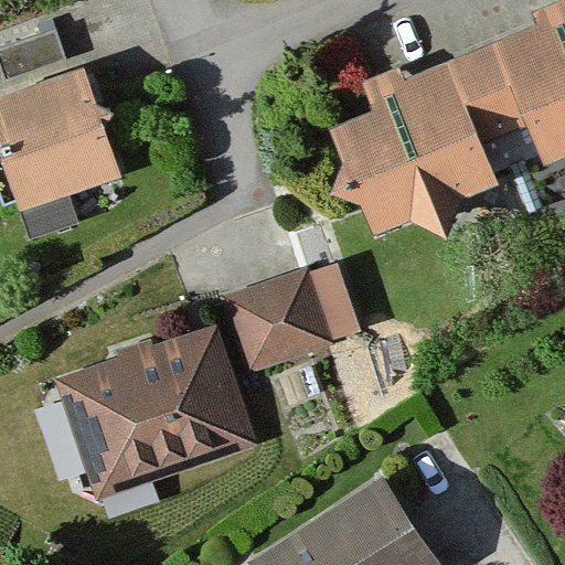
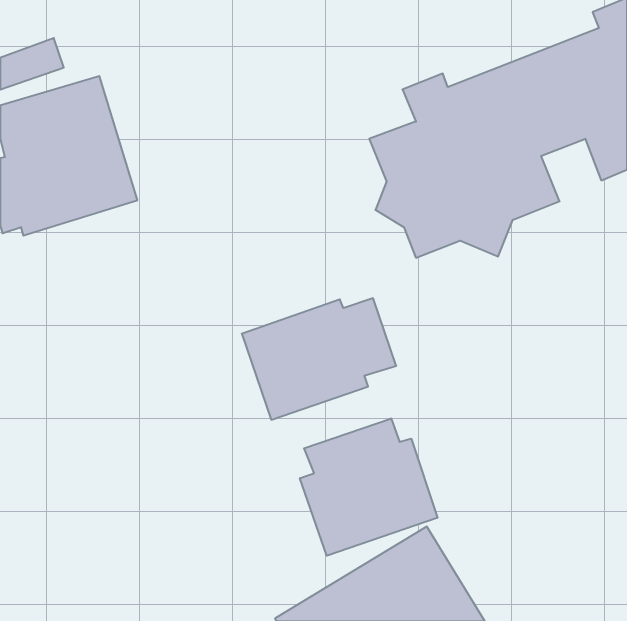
building: [57,331,254,501] -> none
building: none -> [300,418,437,556]

